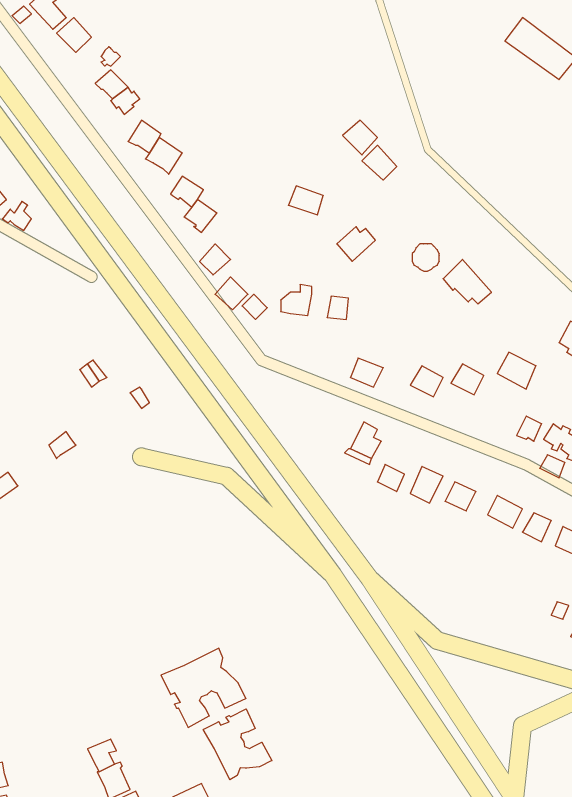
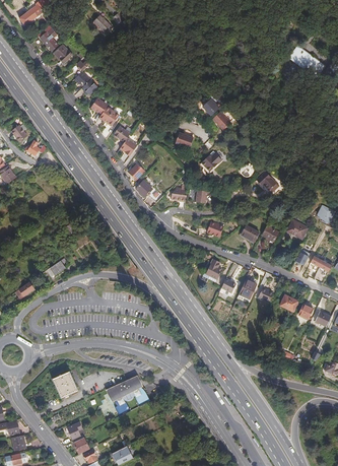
building: none -> [54,371,80,398]
building: [203,709,272,780] -> none

